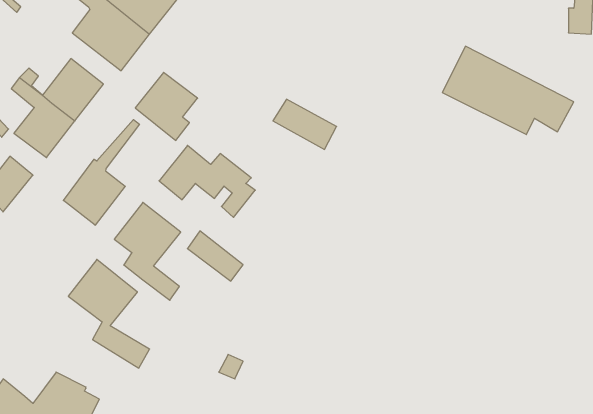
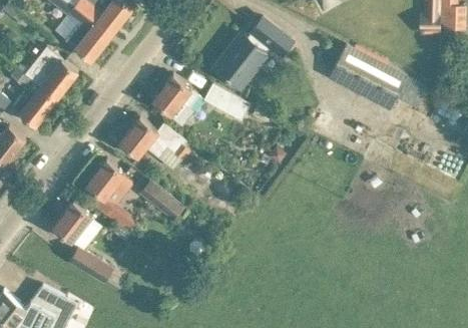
building: none -> [214,19,293,89]
building: [135,72,198,140] -> [152,76,198,126]
building: [63,120,139,225] -> none

